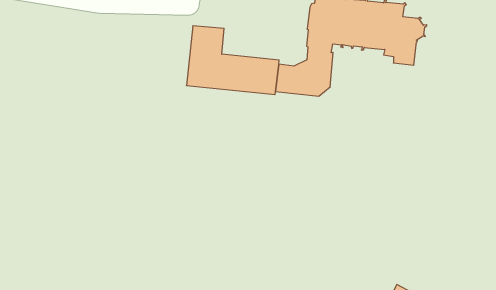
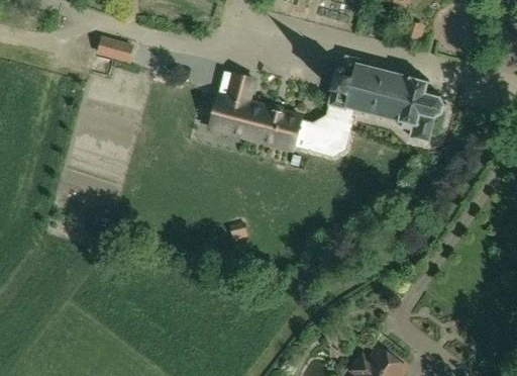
building: none -> [96,34,132,61]

